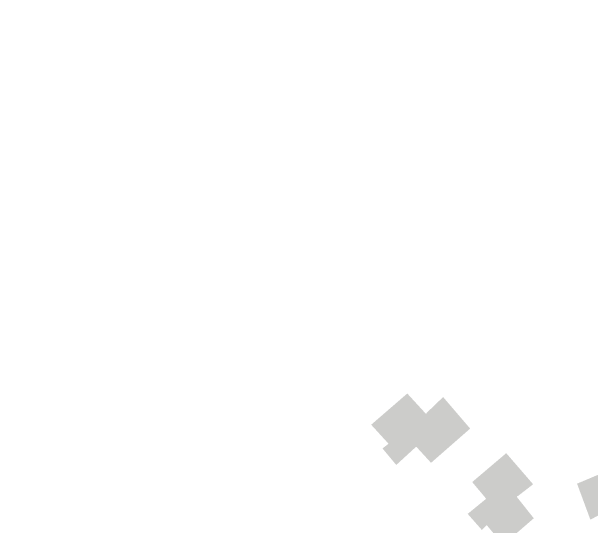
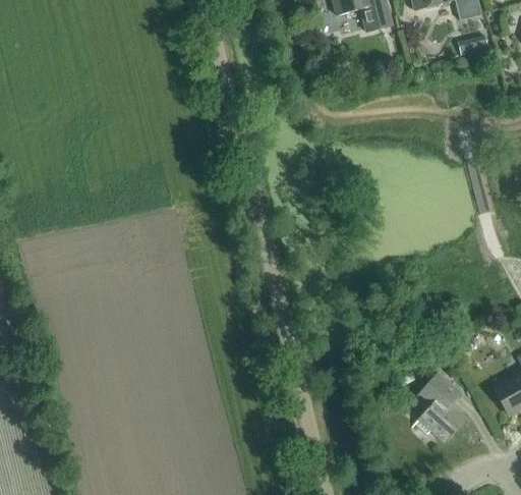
building: [370,393,471,466] -> none

